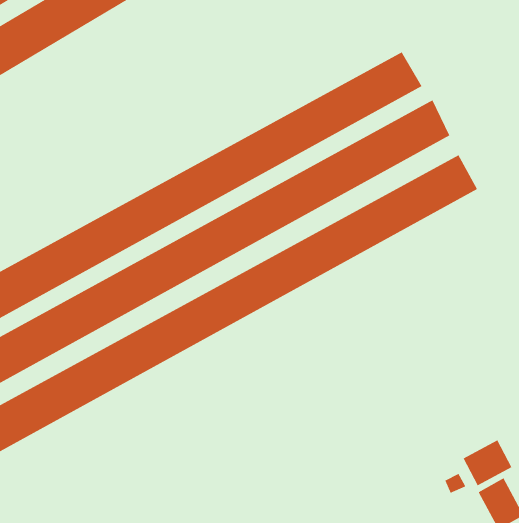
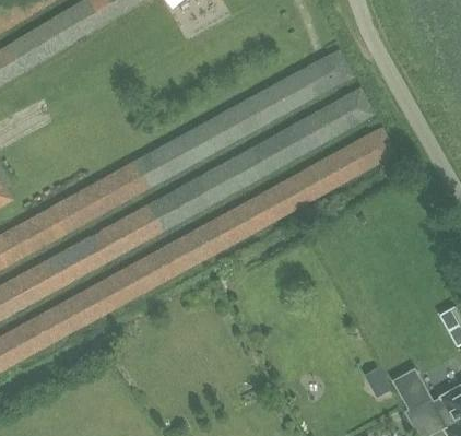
building: [463,440,512,486] -> none

